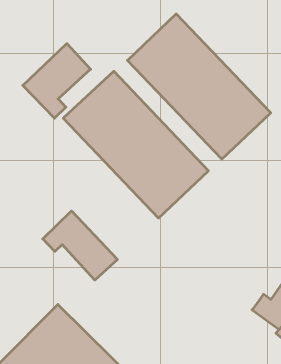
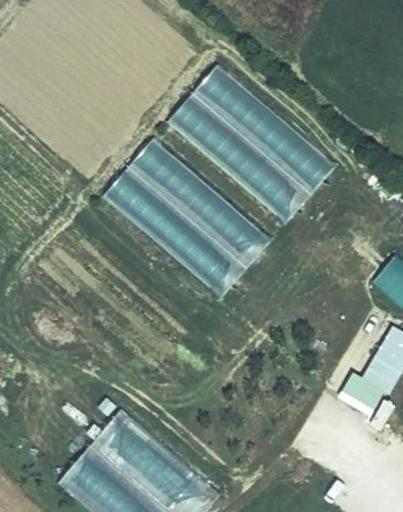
building: [23,44,91,118] -> none
building: [43,211,117,280] -> none

